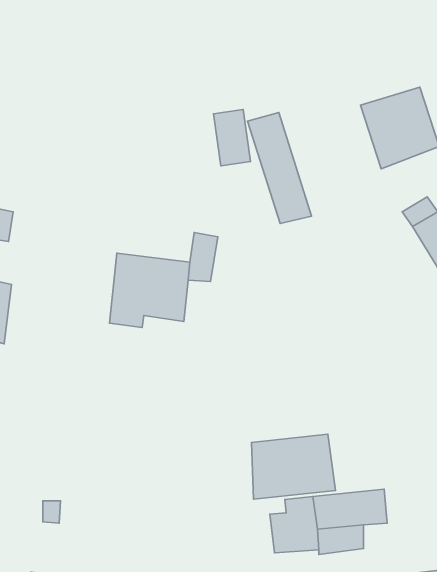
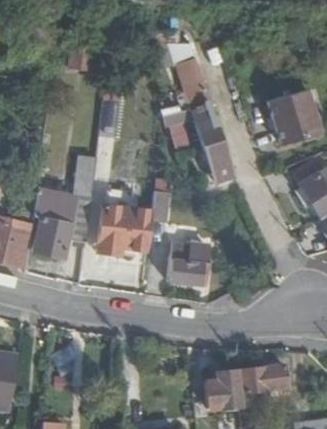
building: none -> [174,61,211,115]
building: none -> [32,157,94,257]
building: none -> [164,243,207,287]
building: [251,434,335,499] -> none

